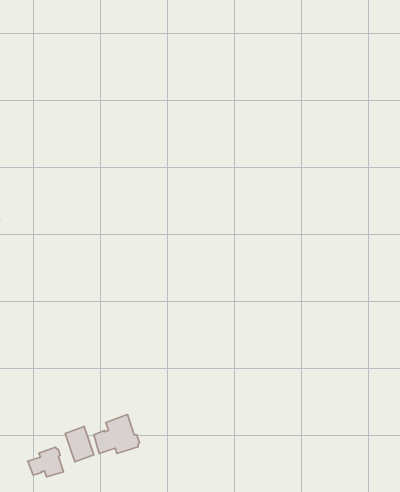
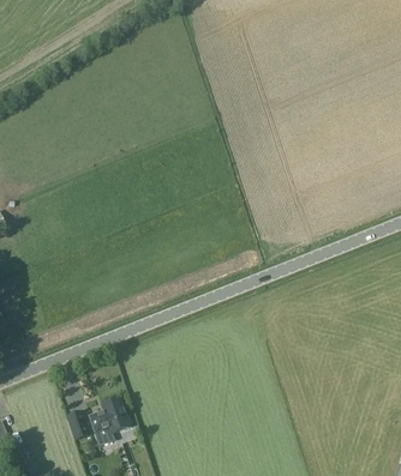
building: [28,447,64,477] -> none

